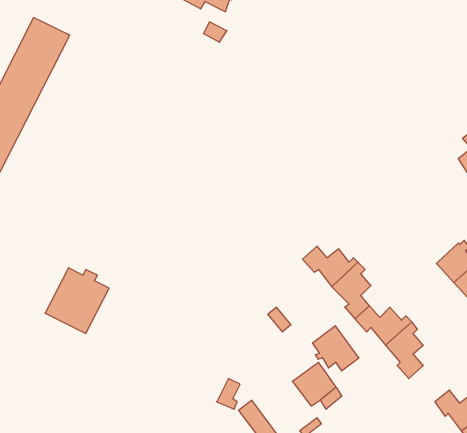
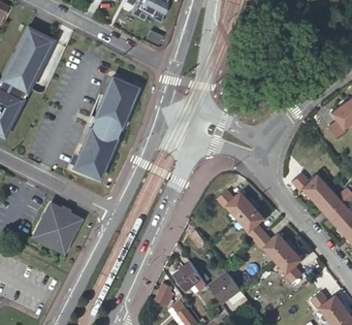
building: none -> [73,77,136,178]
building: none -> [290,173,329,202]
building: [312,326,359,371] -> [174,262,207,294]

